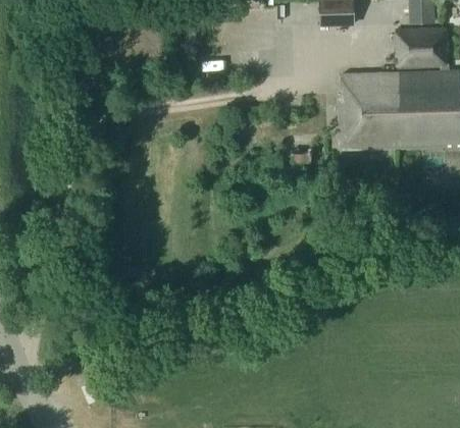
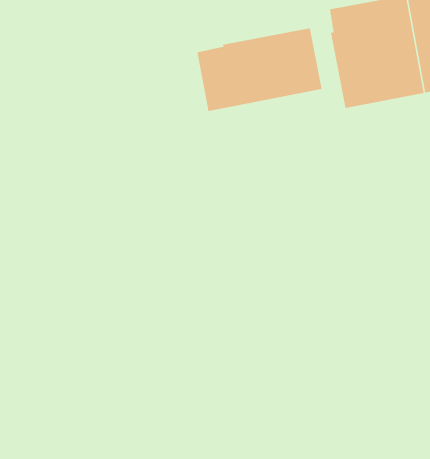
building: none -> [197,27,322,112]

